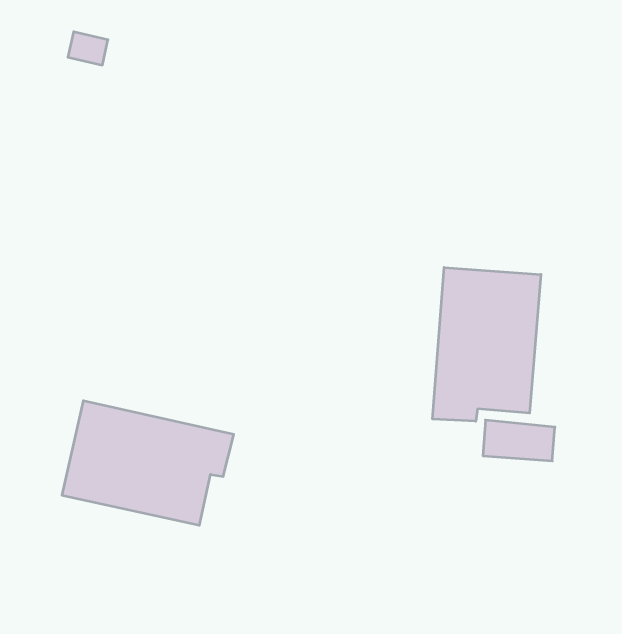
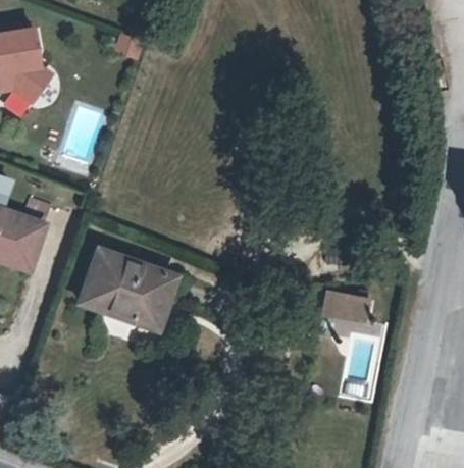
building: [433,267,541,421] -> none

